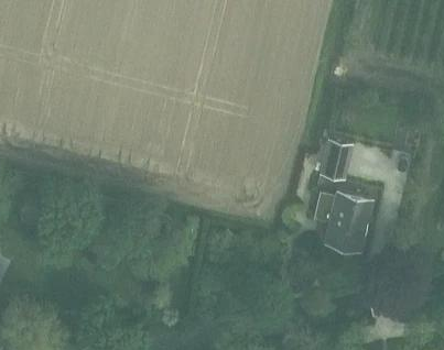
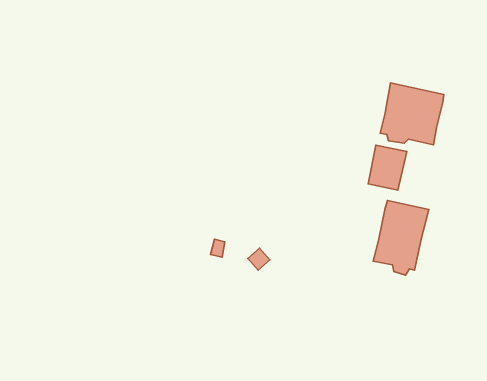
building: none -> [380,83,444,145]

